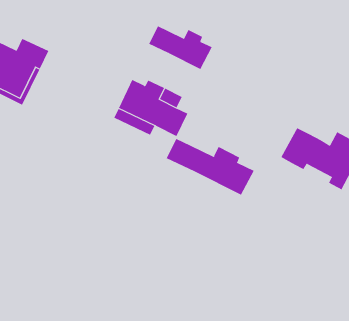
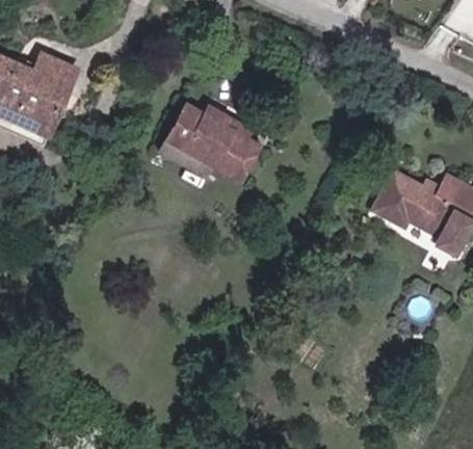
building: [149,26,212,70] -> none
building: [166,138,254,196] -> none

